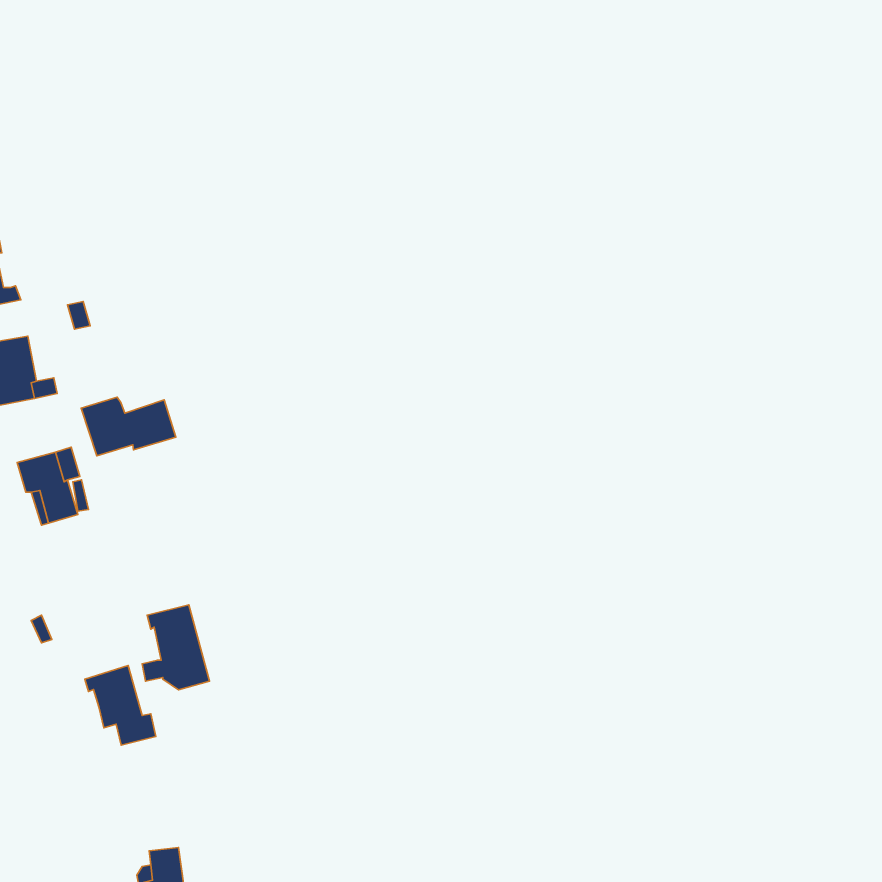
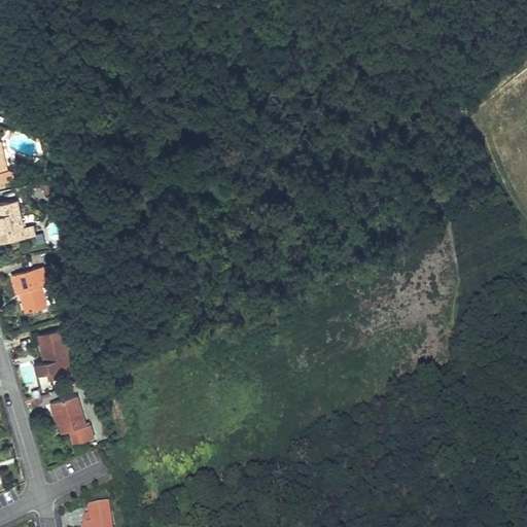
building: [81,397,176,456] -> none
building: [142,605,210,690] -> [34,330,74,381]

